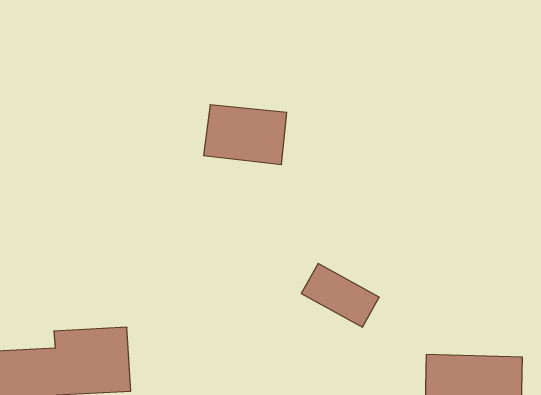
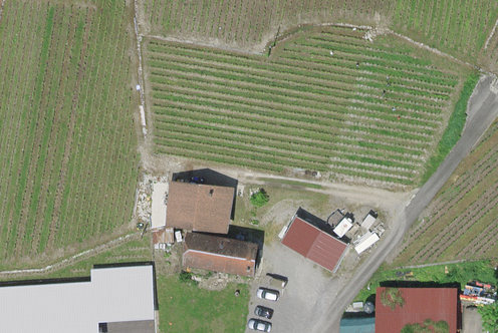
building: [204,105,287,165] -> [166,184,230,230]
building: none -> [184,234,254,274]

